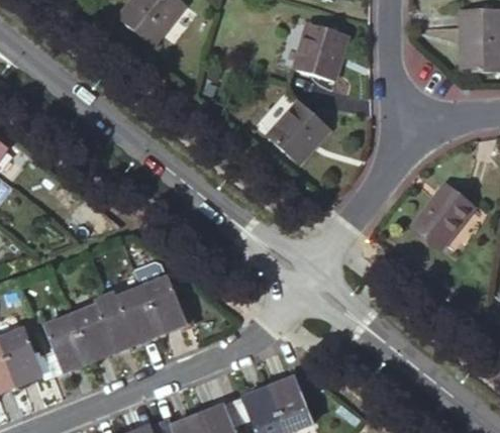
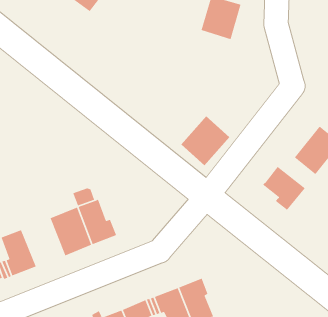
building: [265,99,327,163] -> [180,115,230,166]
building: none -> [262,166,306,211]
building: [69,302,123,363] -> none

